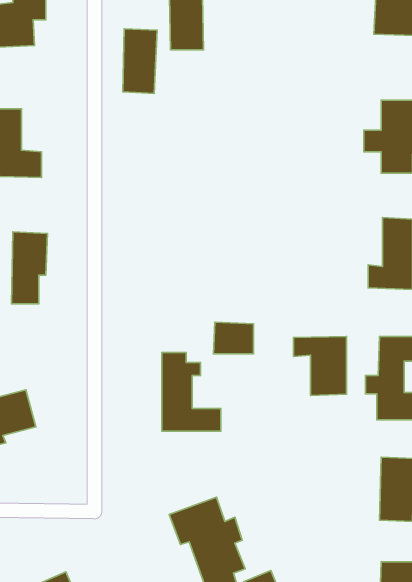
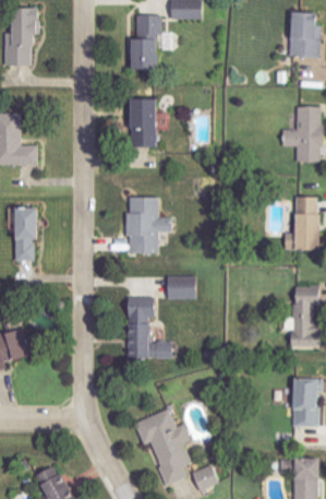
building: [123,29,157,93] -> [131,97,157,146]
building: none -> [125,195,170,253]
building: [294,336,346,395] -> none

